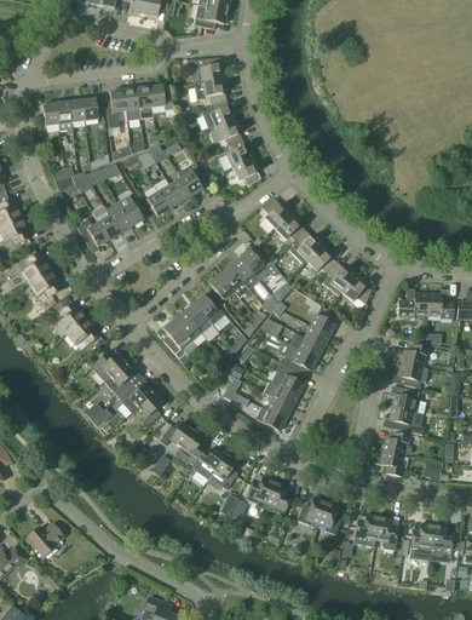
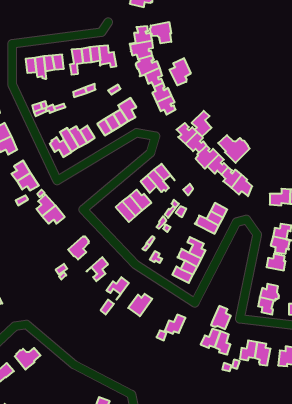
building: none -> [150,22,171,43]
building: none -> [169,58,191,85]
building: none -> [192,111,212,137]
building: none -> [218,135,250,163]
building: [238,249,277,282] -> none
building: [162,321,191,360] -> none
building: [280,346,316,374] -> none
building: [90,354,125,383] -> none
building: [117,384,152,414] -> none
building: [388,408,422,436] -> none
building: [173,430,205,466] -> none
building: [205,454,236,490] -> none
building: [261,482,290,516] -> [211,306,231,329]

